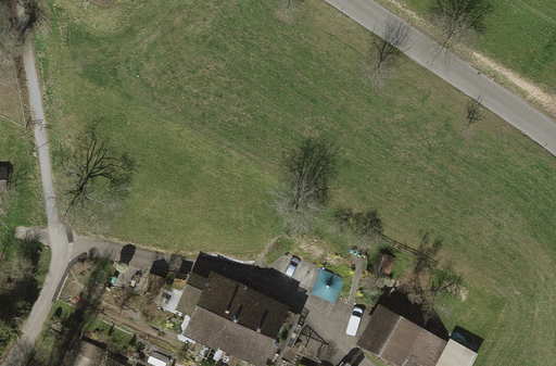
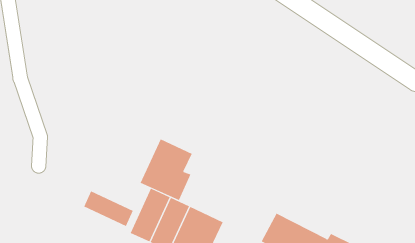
building: none -> [140,138,192,201]
building: none -> [83,191,133,227]

